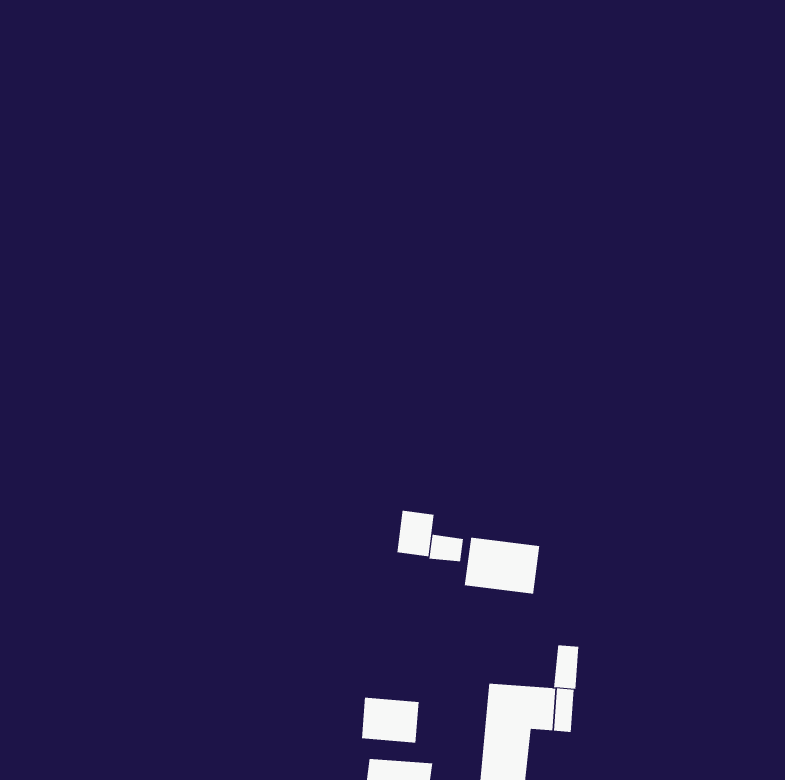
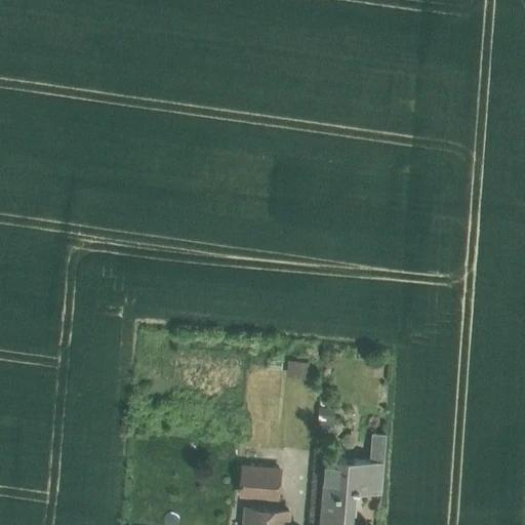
building: [397,510,434,557] -> none
building: [464,537,540,595] -> none

